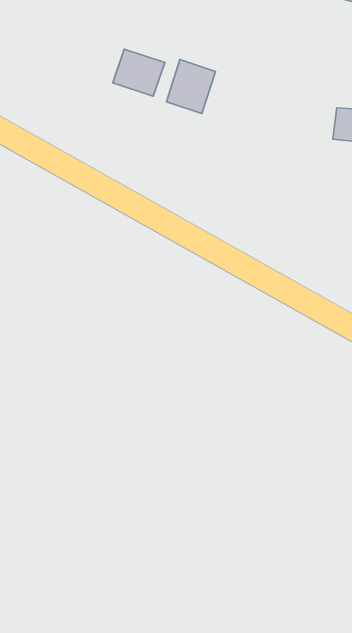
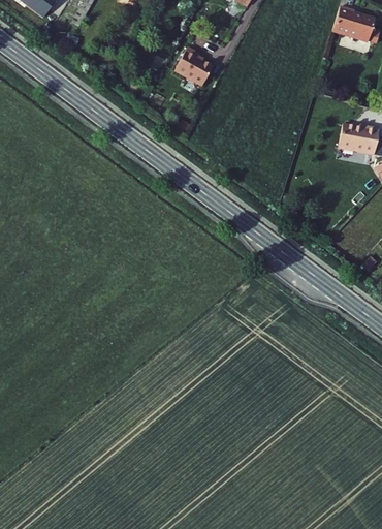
building: [166,60,215,113] -> none

